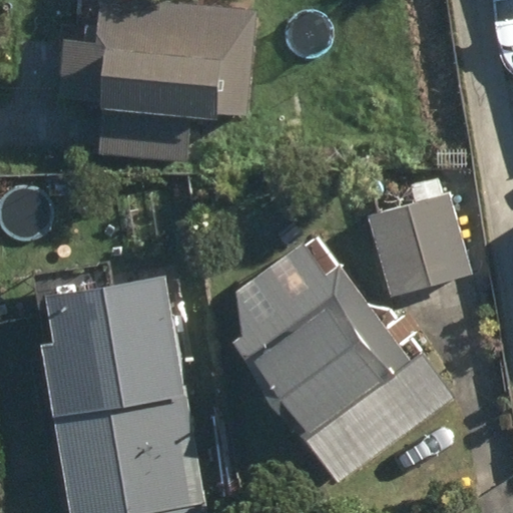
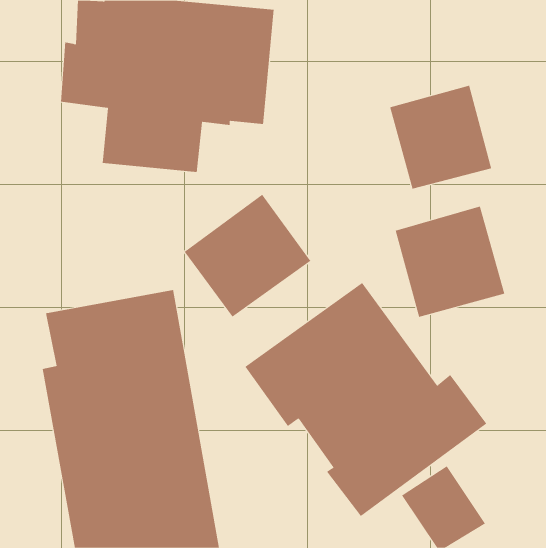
building: none -> [390,85,492,189]
building: none -> [184,194,311,318]

